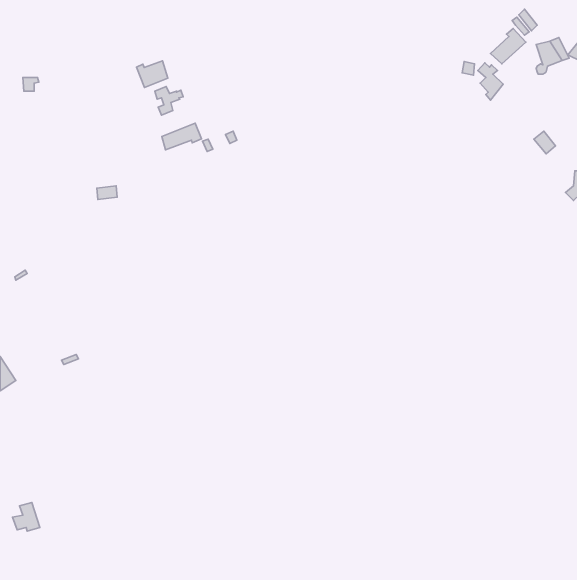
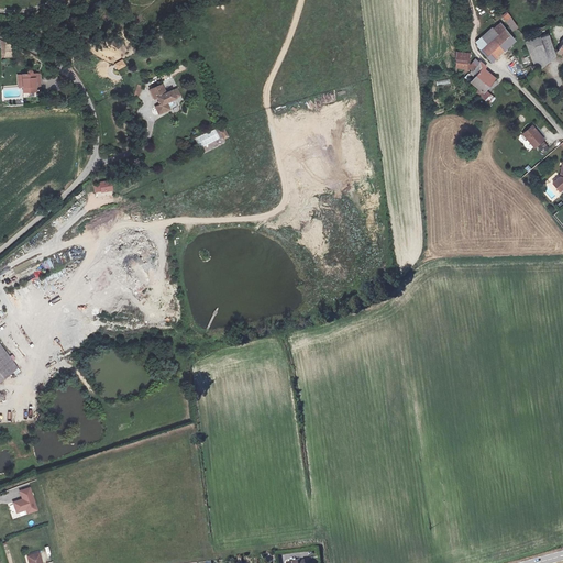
building: [137,61,168,87] -> none
building: [162,123,201,150] -> none

